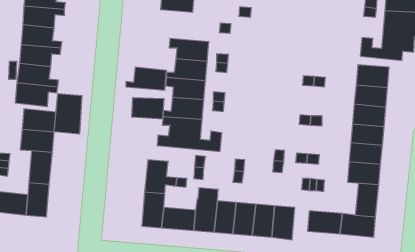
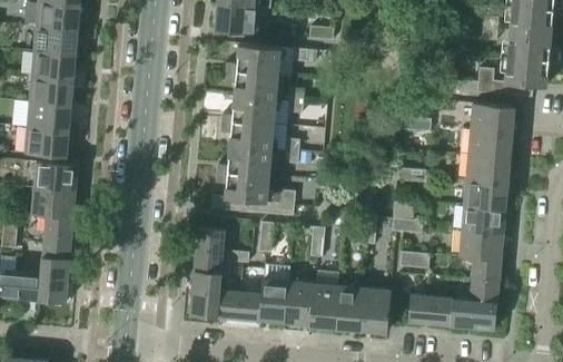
building: [126,67,167,90] -> [227,42,280,72]
building: [54,94,82,134] -> none
building: [132,97,164,119] -> none

